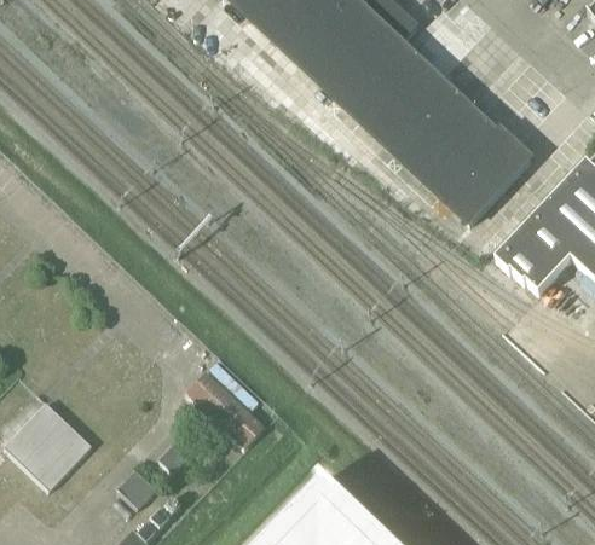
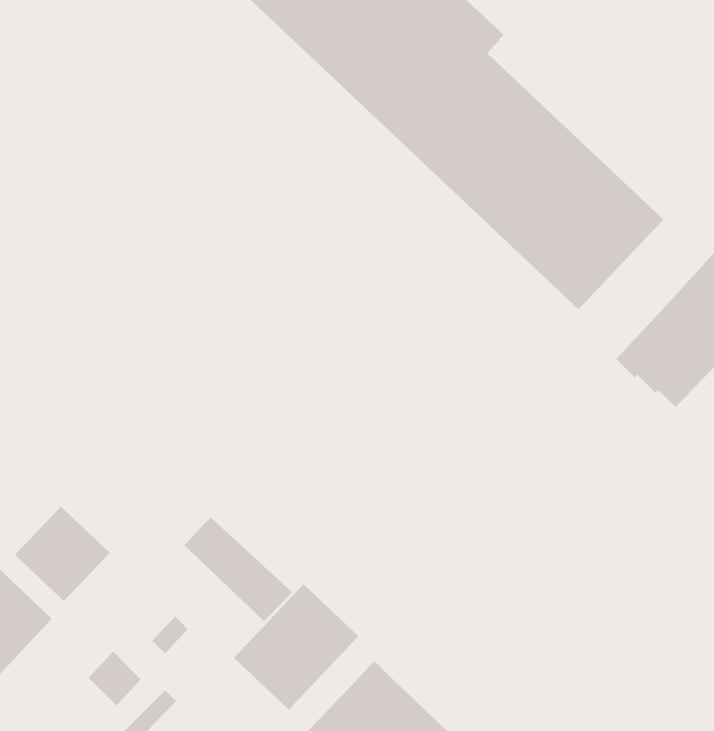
building: none -> [14,506,110,602]
building: none -> [233,583,359,711]

